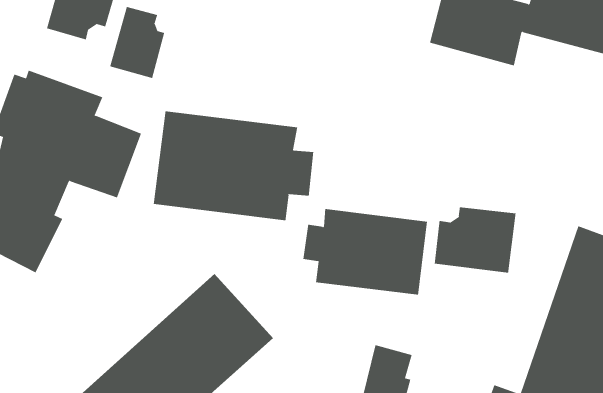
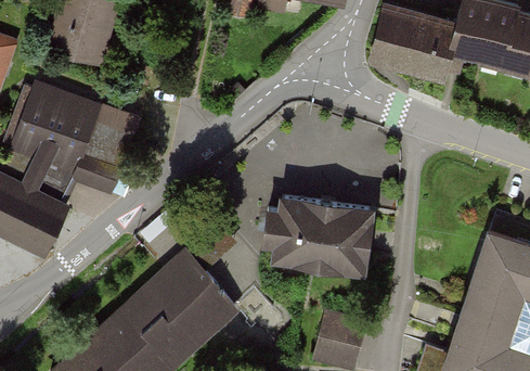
building: [110,6,165,79] -> none
building: [153,110,314,221] -> none
building: [434,207,516,274] -> none

